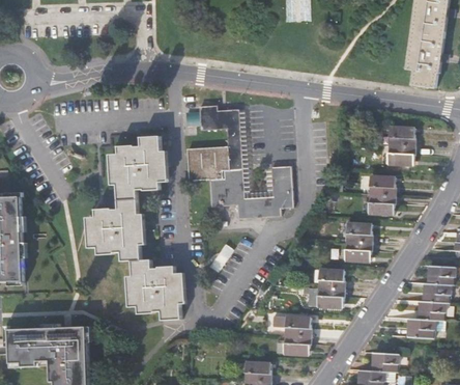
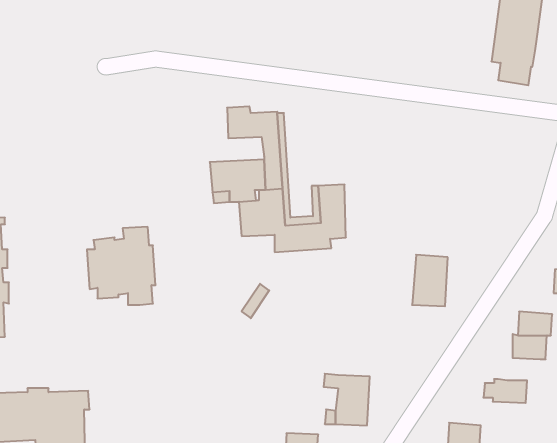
building: [387,125,414,165] -> none
building: [112,135,165,199] -> none
building: [369,174,395,214] -> none
building: [128,258,183,320] -> none
building: [317,268,344,307] -> none
building: [411,300,444,320] -> none

